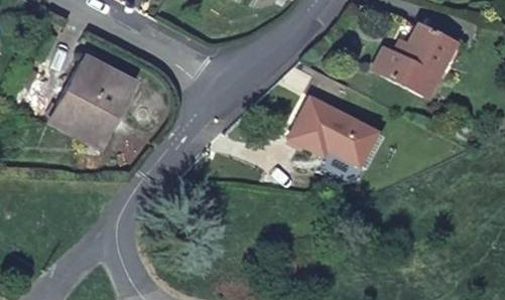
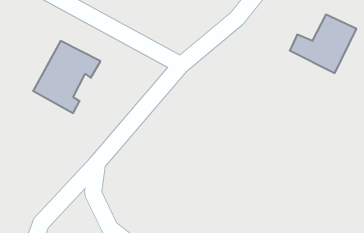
building: [289,97,376,163] -> none

